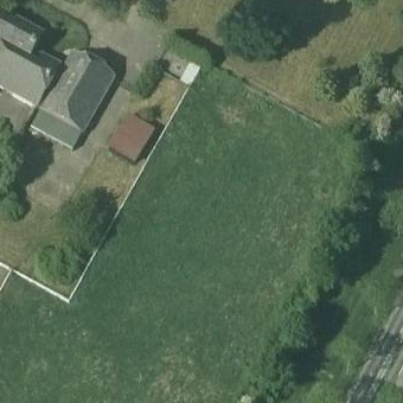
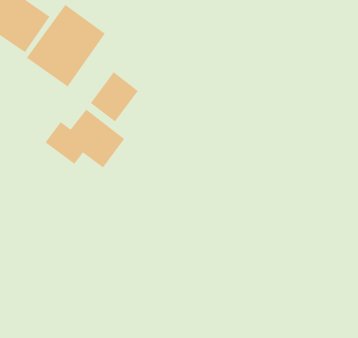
building: none -> [44,109,125,168]

